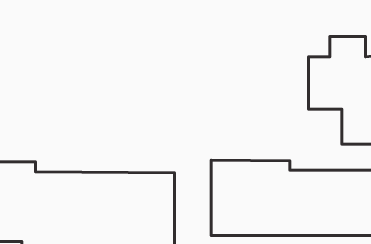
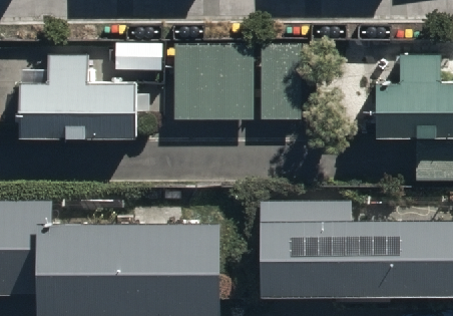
building: none -> [20,48,163,137]
building: none -> [176,52,302,125]

